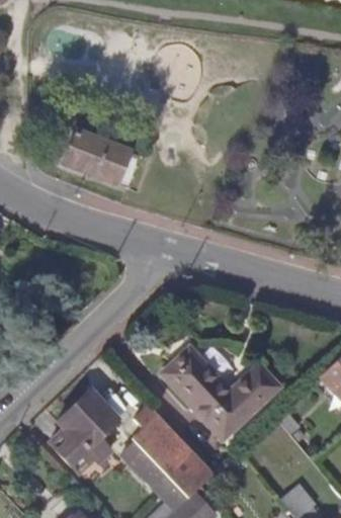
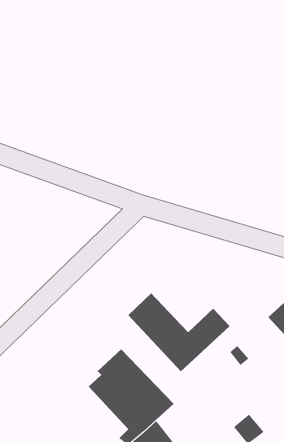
building: [63,132,142,188] -> none
building: [55,391,119,472] -> none

